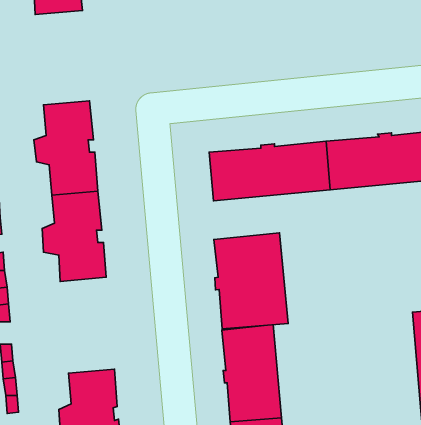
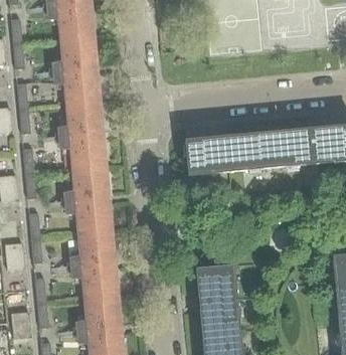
building: none -> [54,36,101,105]
building: [214,233,288,329] -> none
building: none -> [72,229,119,299]

